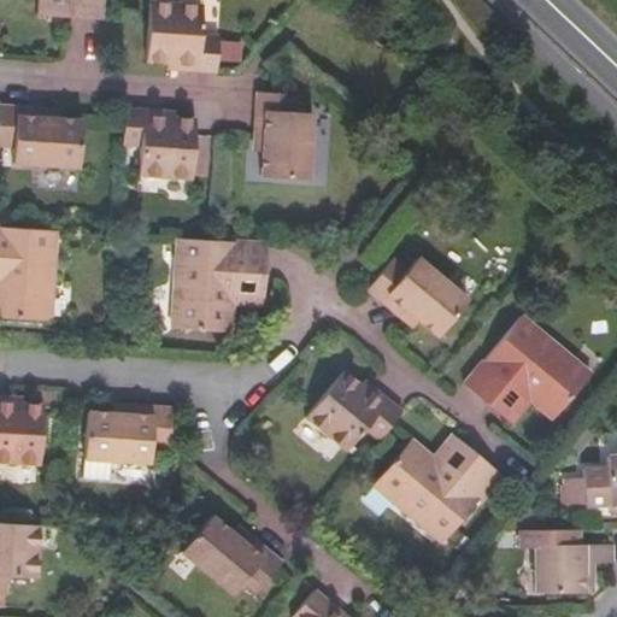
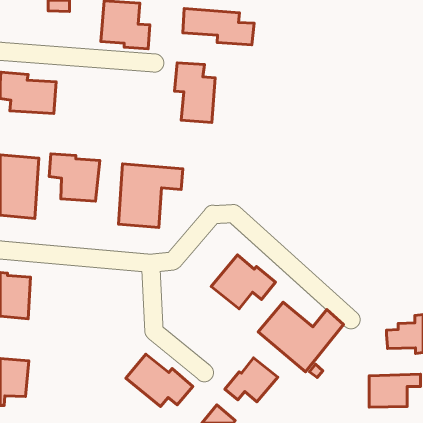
building: none -> [183,9,254,45]
building: [124,110,198,178] -> [49,154,100,201]
building: [371,255,469,334] -> none
building: [466,316,590,416] -> none
building: [86,407,171,477] -> none
building: none -> [225,358,278,402]

